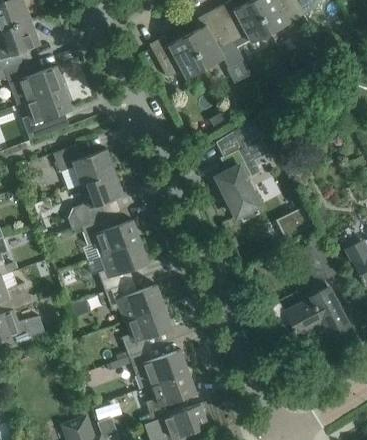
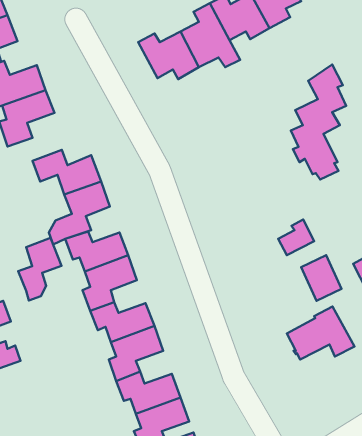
building: [217,116,268,222] -> [291,64,346,180]
building: none -> [18,238,62,301]

